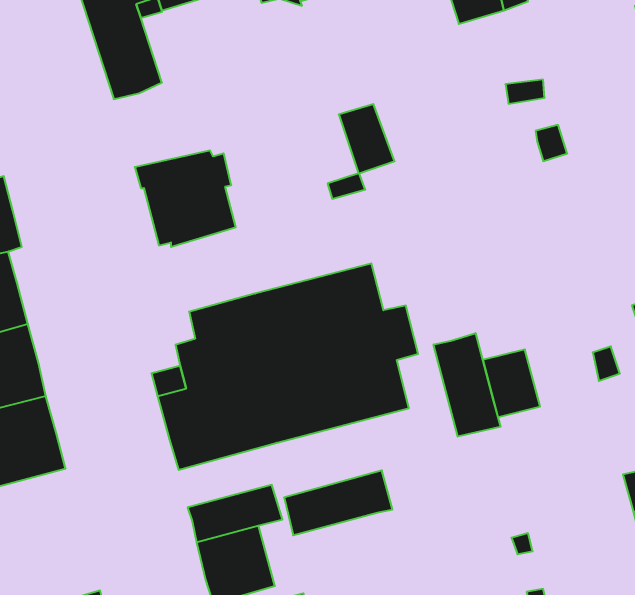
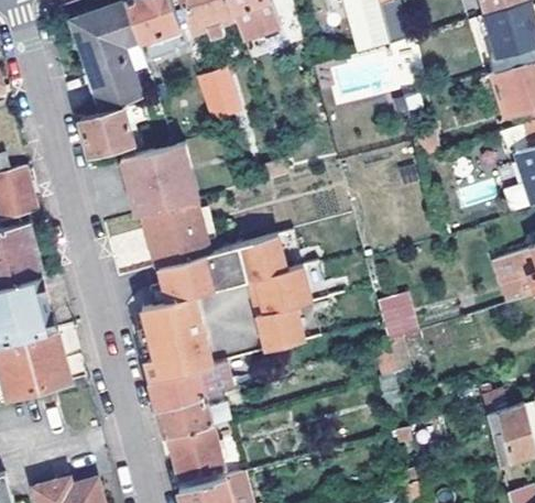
building: none -> [83,107,134,152]
building: [339,104,395,173] -> [199,73,240,123]
building: none -> [148,205,209,266]
building: [434,333,501,437] -> none
building: [284,470,392,535] -> [153,362,232,409]

